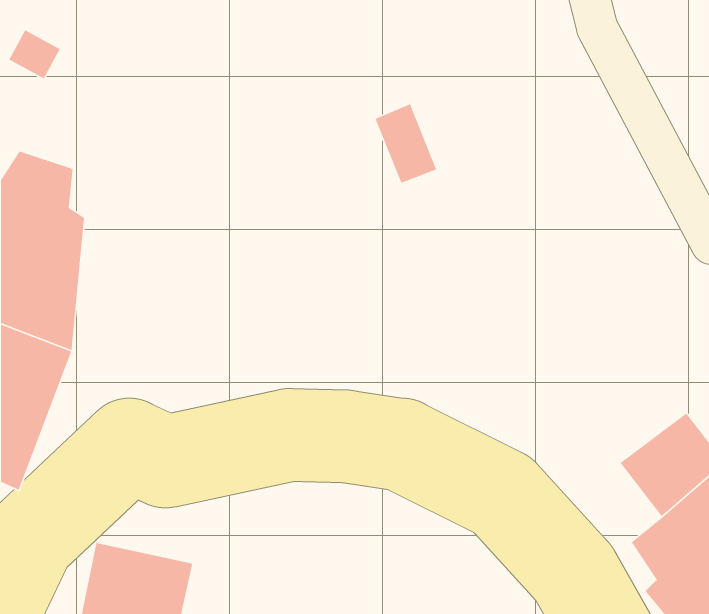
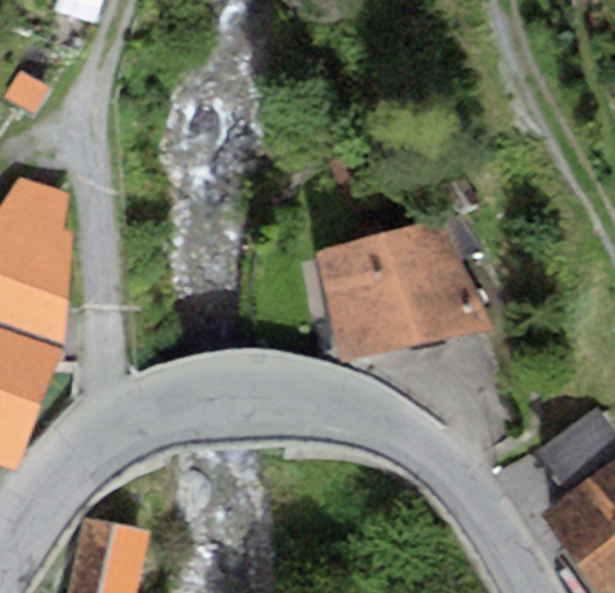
building: none -> [316,214,490,360]

